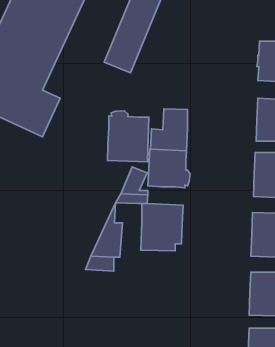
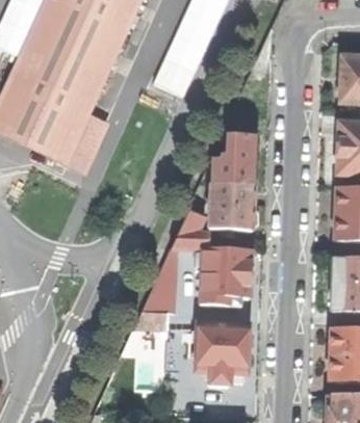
building: [107,111,149,162] -> none
building: none -> [196,324,248,386]

